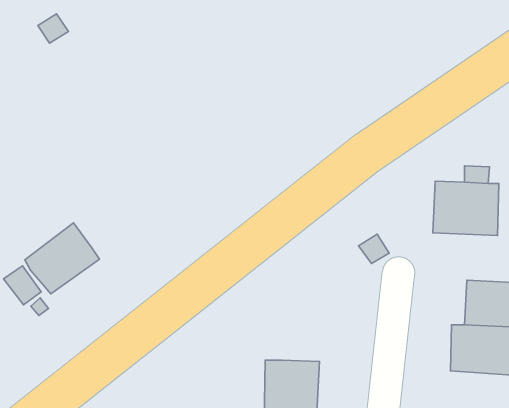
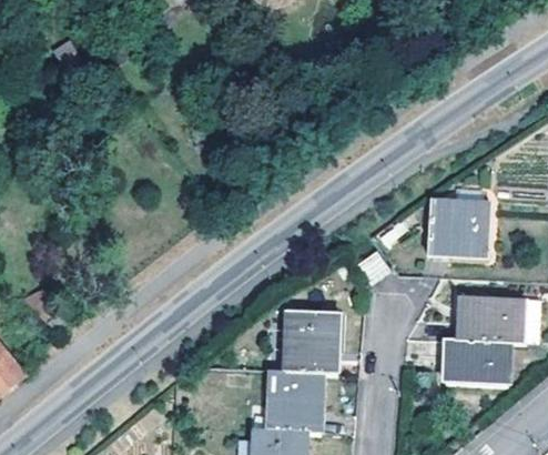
building: [25,223,100,294] -> none
building: none -> [285,311,337,373]

